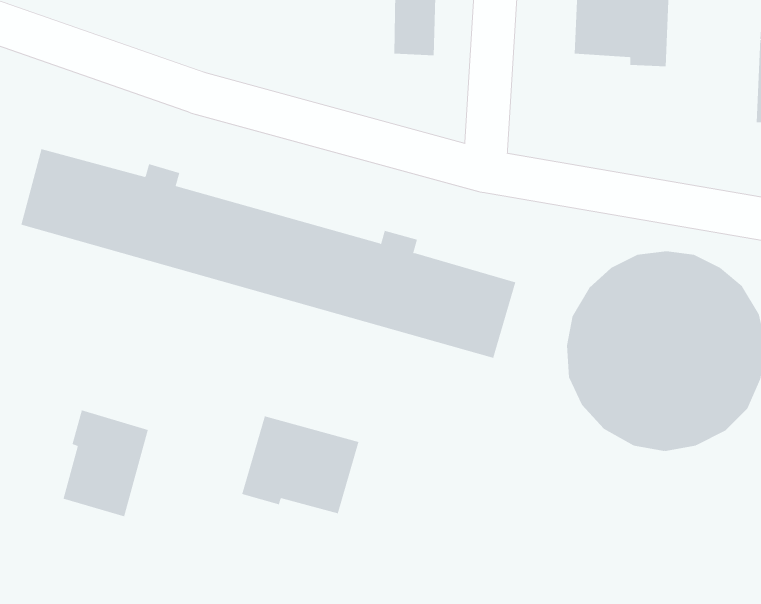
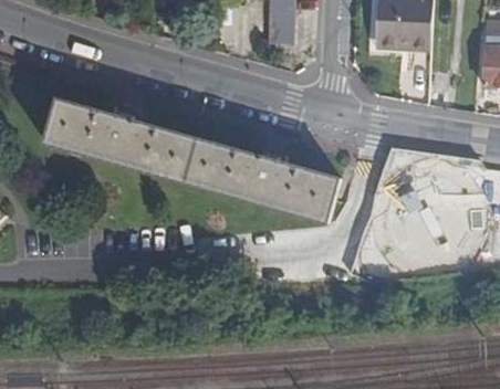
building: [63,410,148,517] -> none
building: [241,416,359,514] -> none

